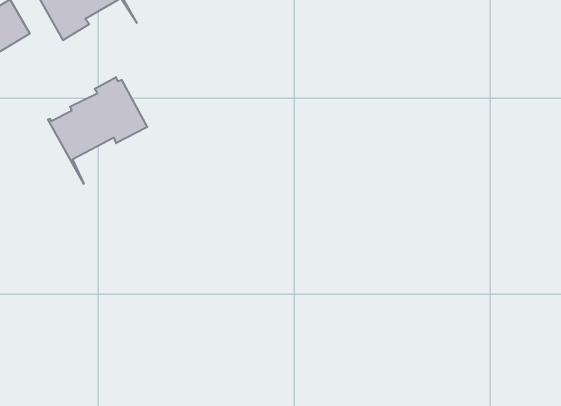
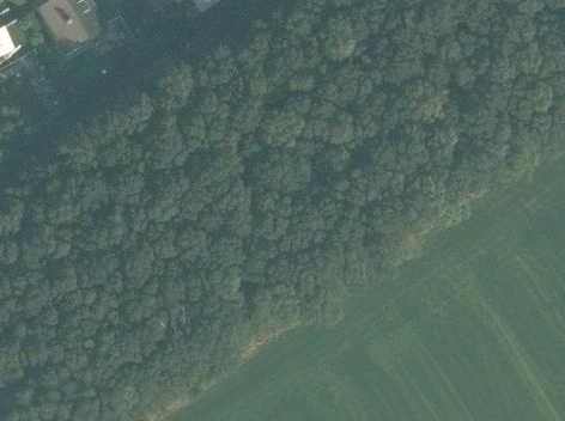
building: [48,77,147,184] -> none

